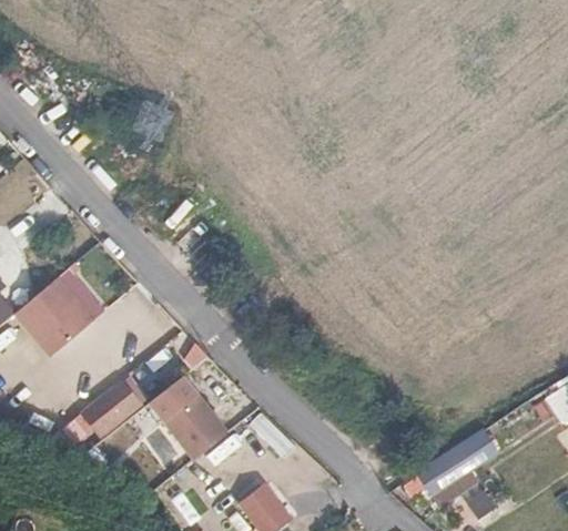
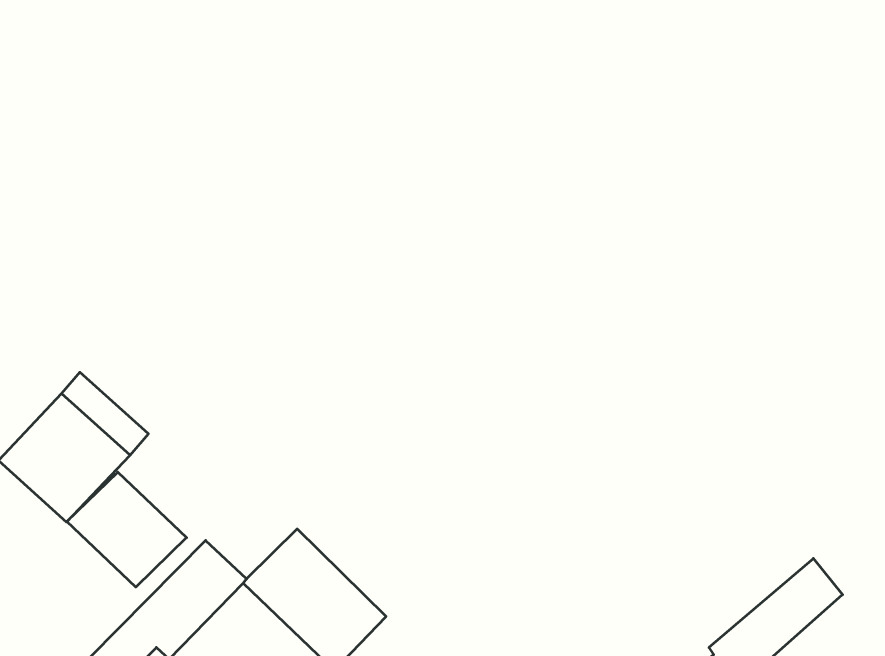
building: none -> [67,472,187,587]

